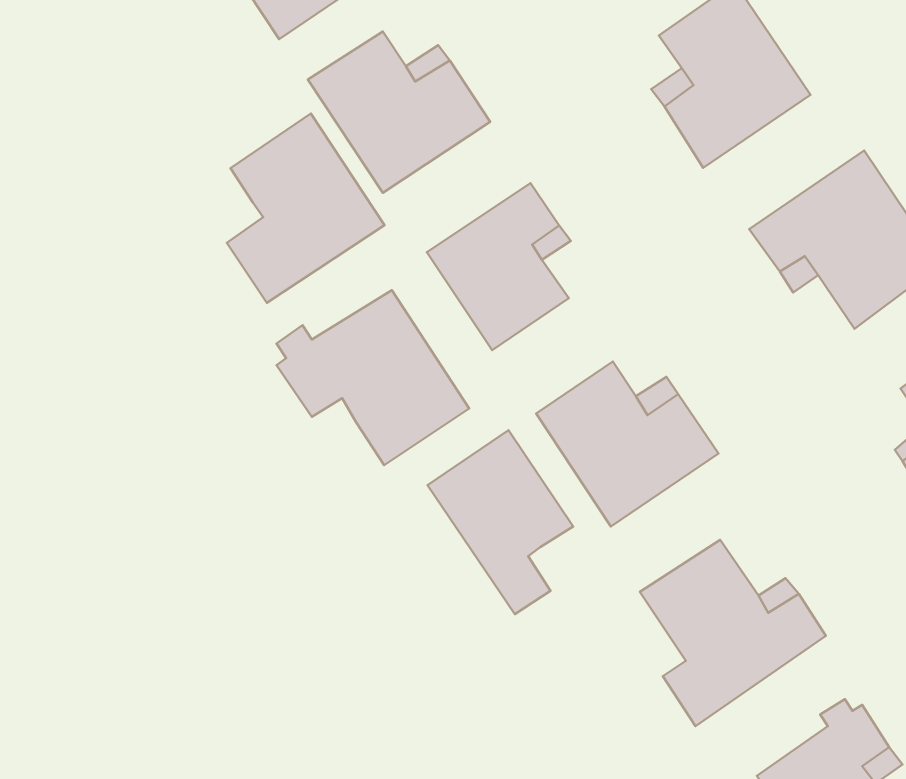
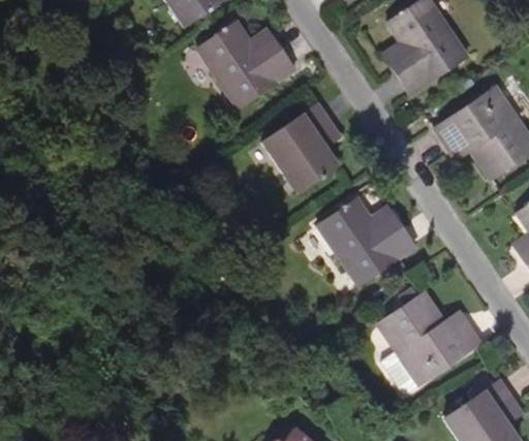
building: [227,114,385,303] -> none
building: [276,290,469,465] -> none
building: [428,430,573,614] -> none

